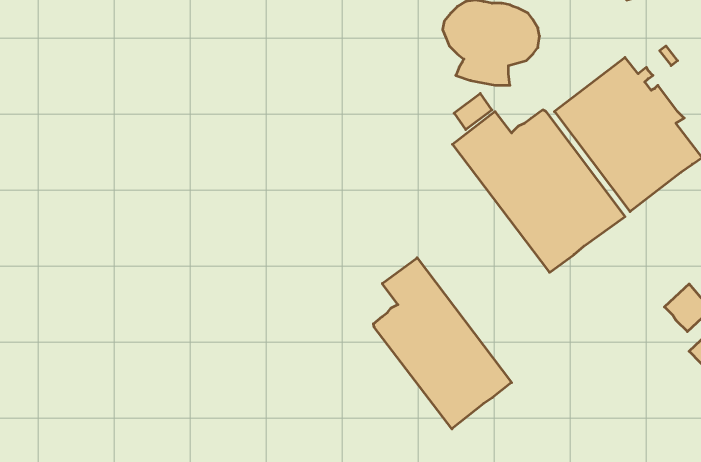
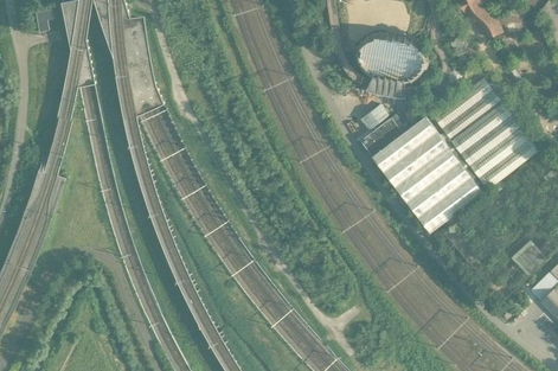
building: [373,258,512,429] -> none

